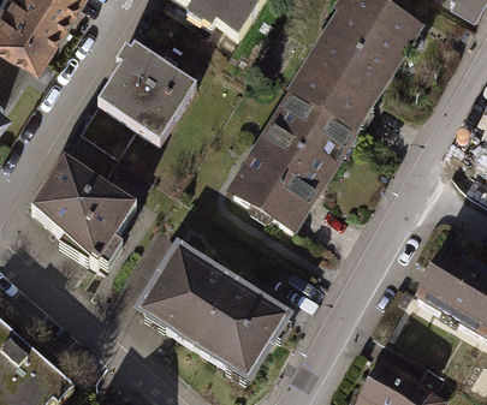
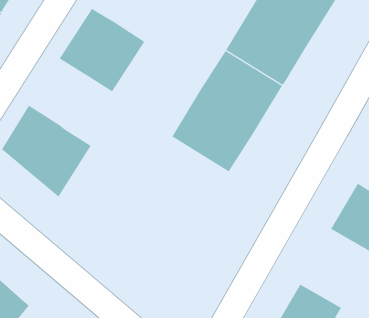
building: [67,102,137,178] -> none
building: [143,248,289,377] -> none

